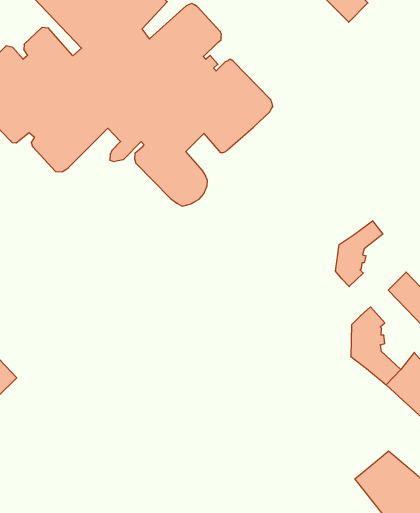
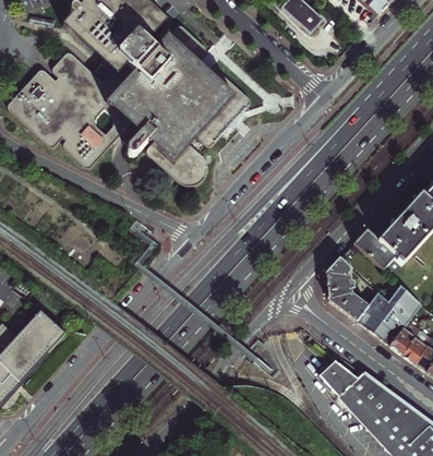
building: [336,221,383,287] -> none
building: none -> [318,359,358,395]

